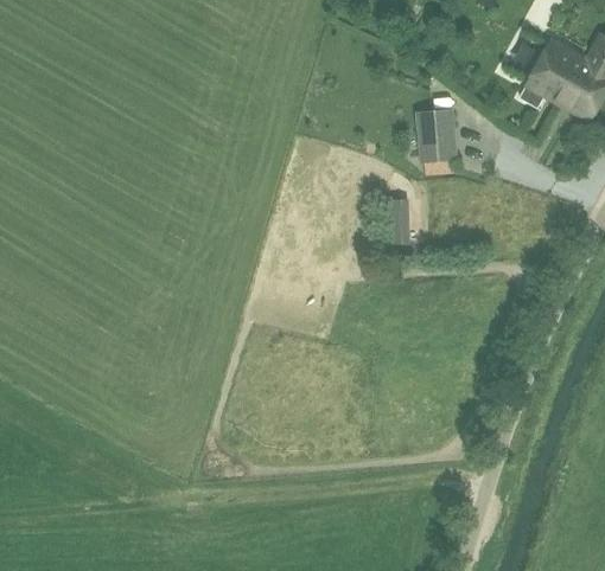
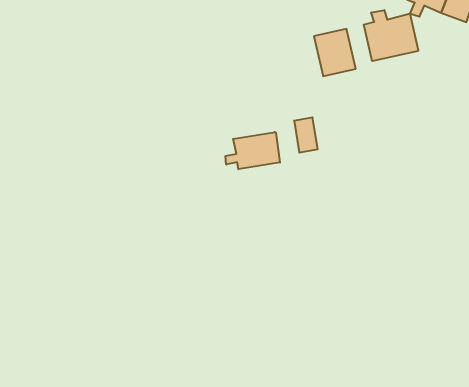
building: none -> [364,10,418,61]
building: none -> [226,132,280,169]

